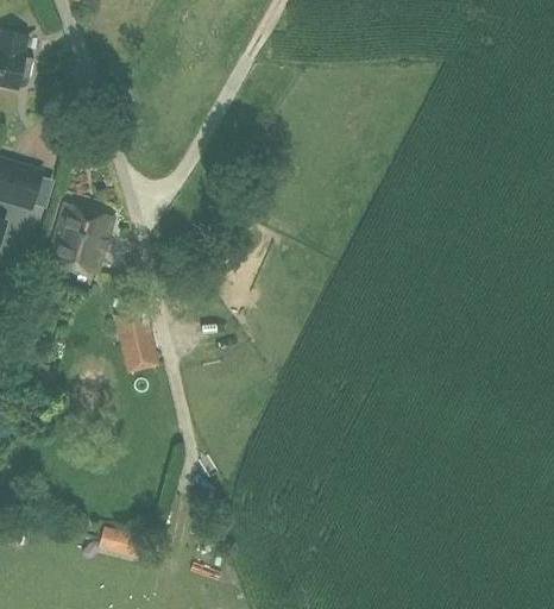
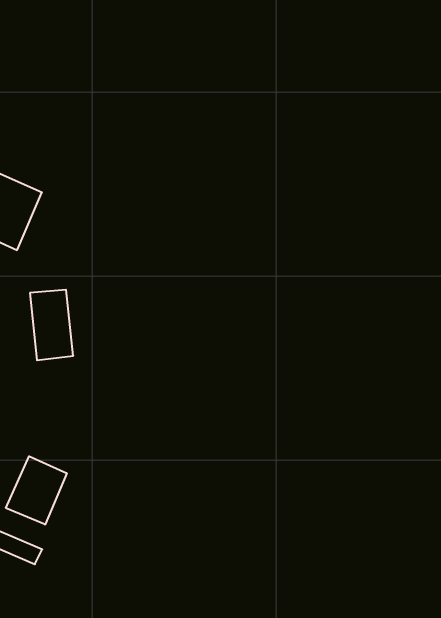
building: none -> [6,456,67,525]

